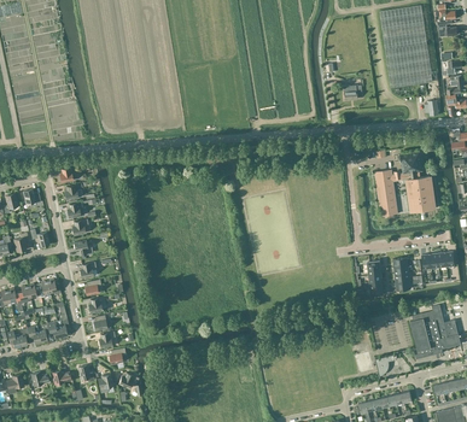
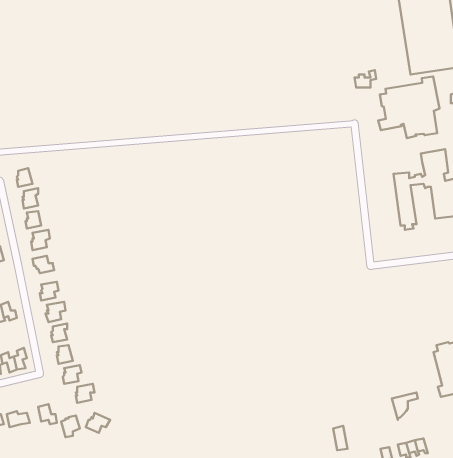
building: none -> [378,77,439,138]

